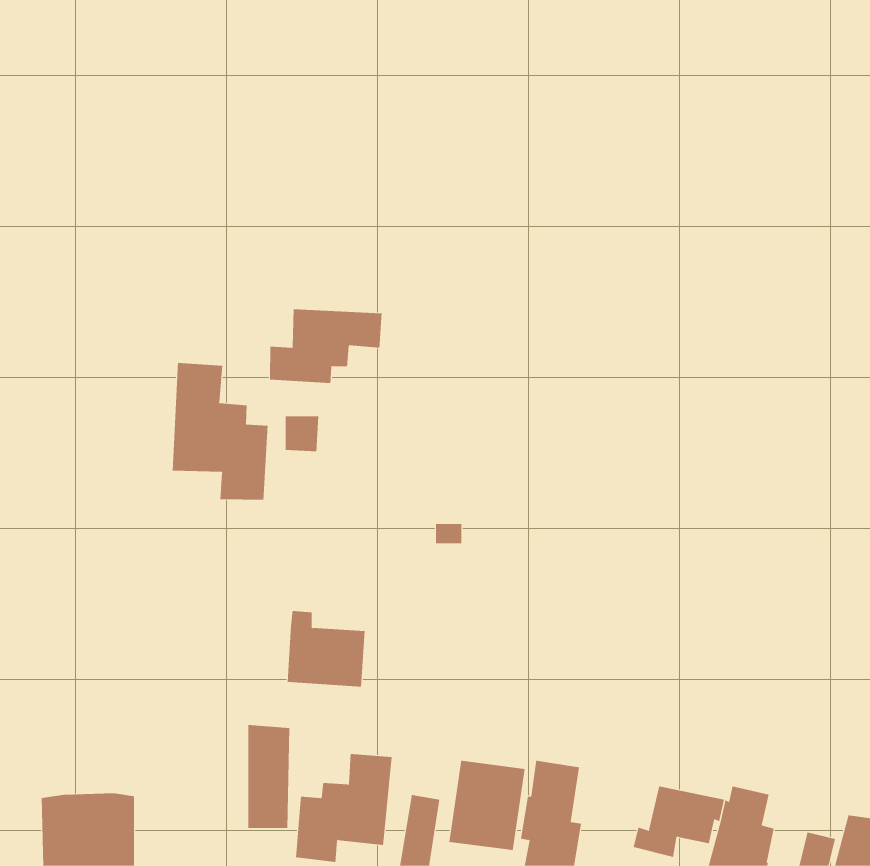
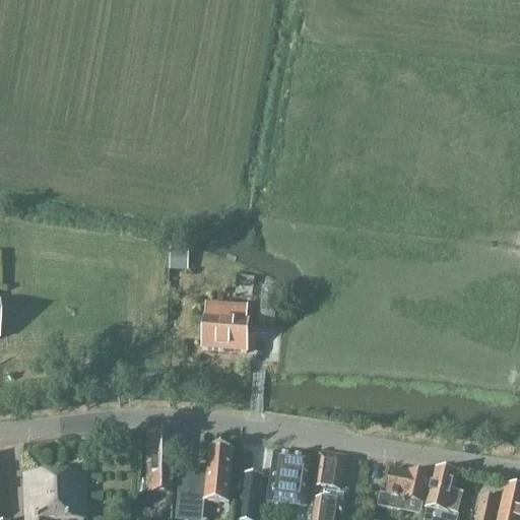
building: [269,309,382,384] -> none
building: [172,362,268,500] -> none
building: [287,611,365,687] -> [203,306,250,351]

